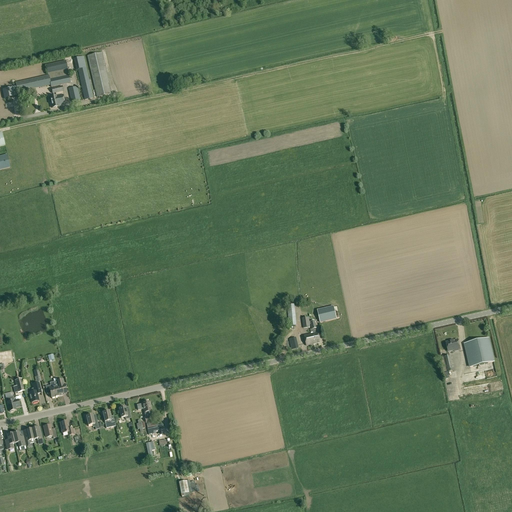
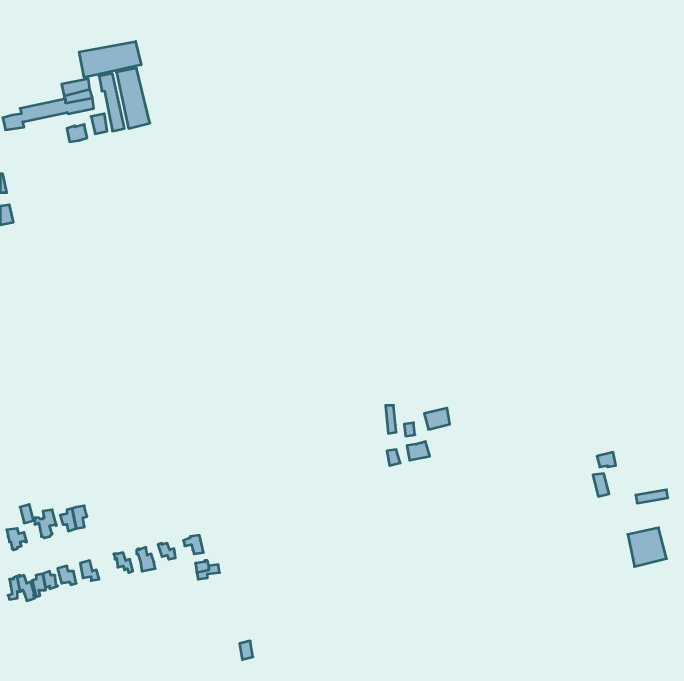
building: none -> [79,41,141,77]
building: [465,337,494,366] -> [628,528,667,567]

